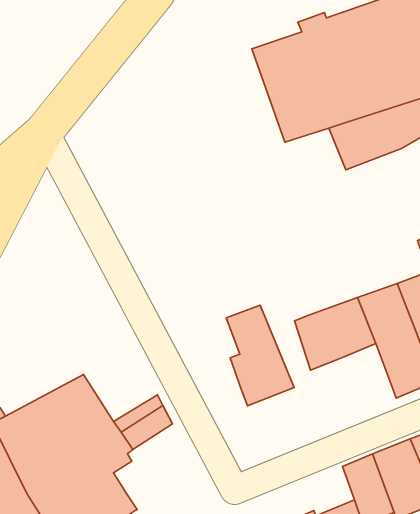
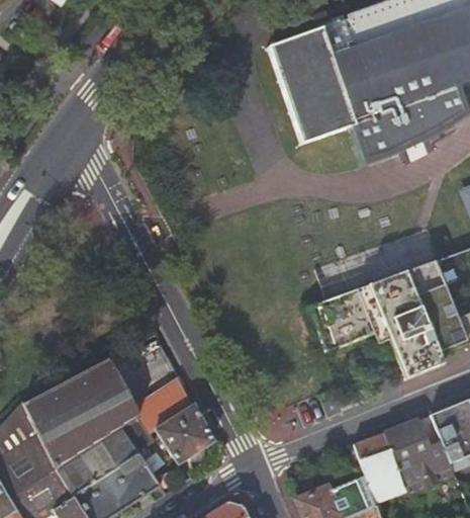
building: [226,305,294,406] -> none
building: none -> [157,405,213,463]

